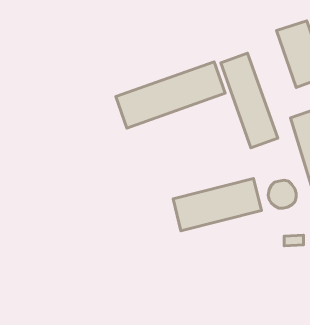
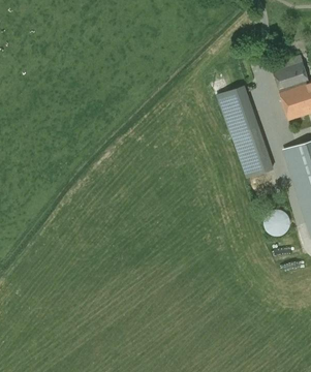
building: [116,62,225,128] -> none
building: [173,179,261,231] -> none

